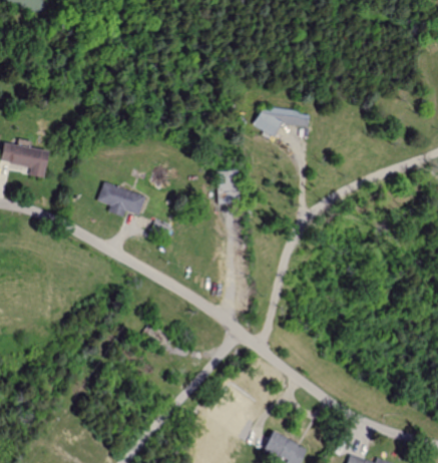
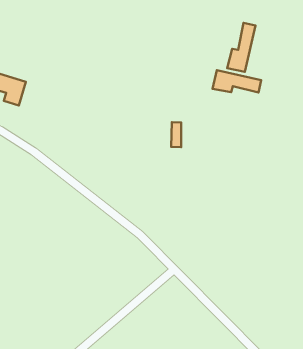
building: none -> [227,23,255,72]
building: [98,181,146,216] -> none

